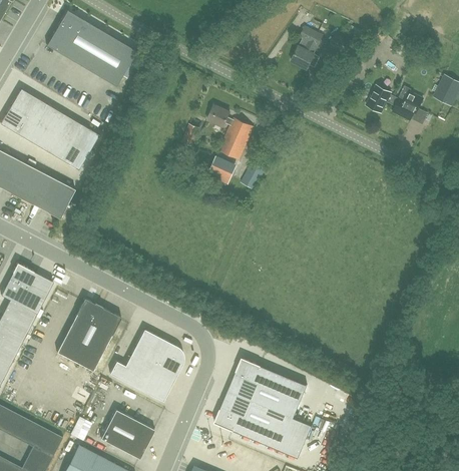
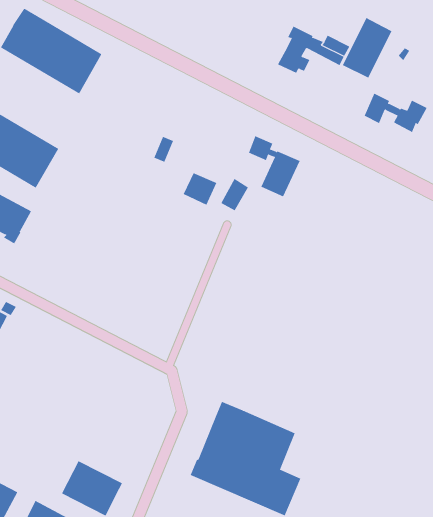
building: none -> [342,17,392,78]
building: [207,105,254,159] -> [248,136,300,197]
building: [56,298,121,371] -> none
building: [109,329,183,401] -> none

